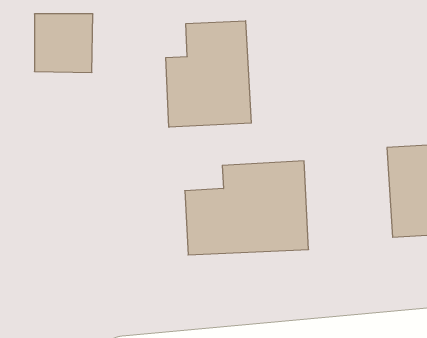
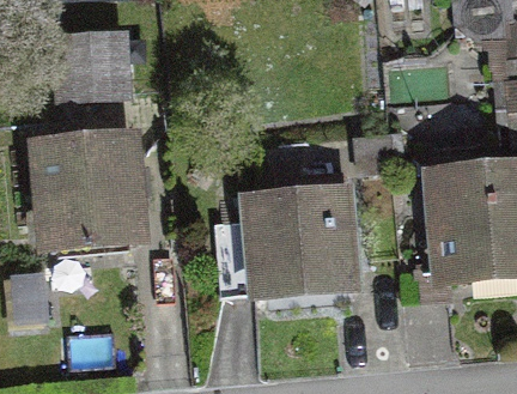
building: [166,21,251,127] -> none
building: none -> [42,143,138,243]

